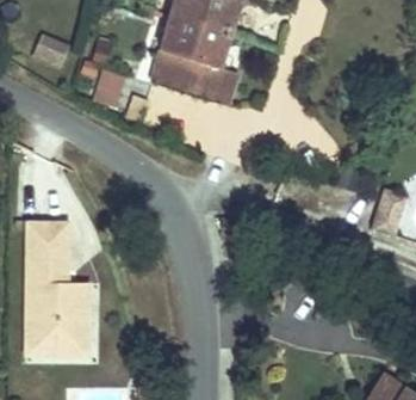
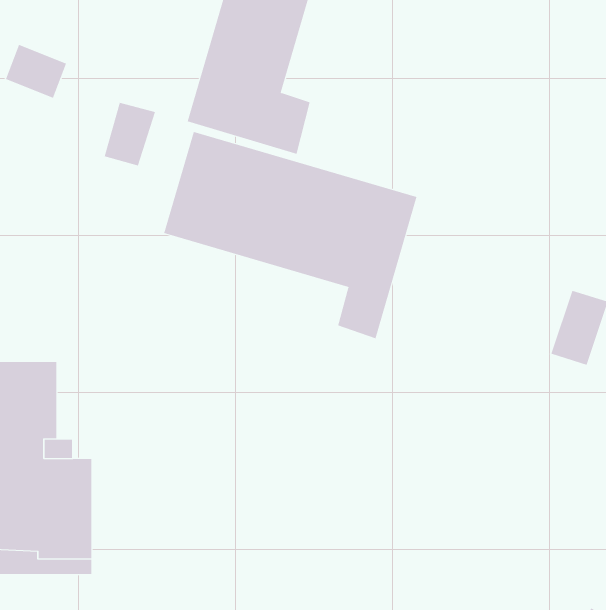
building: none -> [164,131,417,339]

